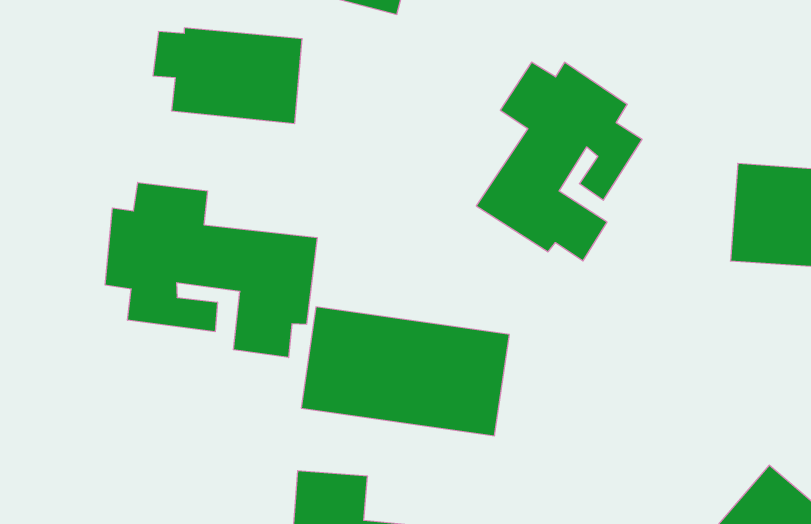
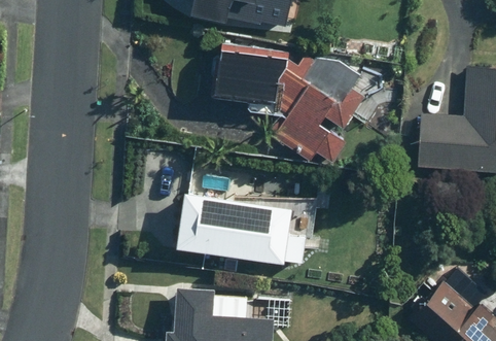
building: [153,28,302,124] -> [207,55,290,108]
building: [105,182,317,358] -> none

